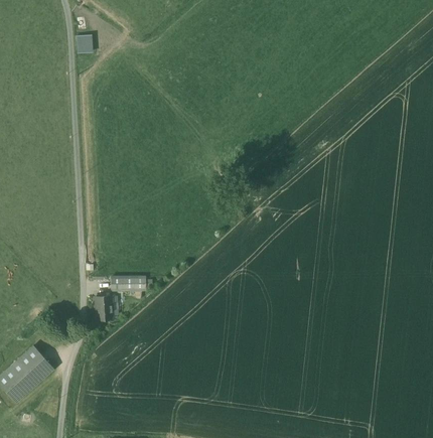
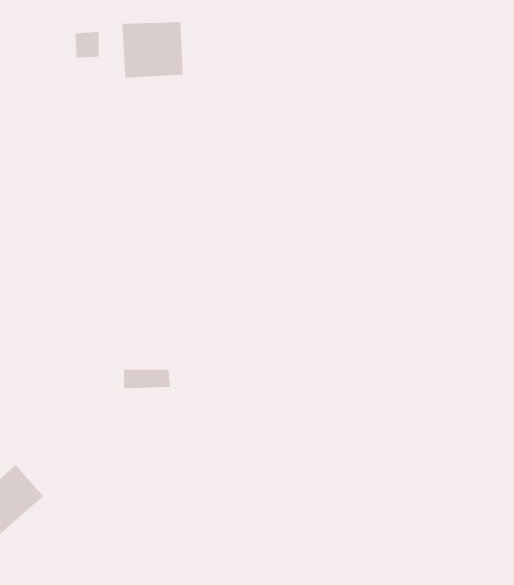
building: none -> [122,21,183,78]
building: [95,297,113,319] -> none

